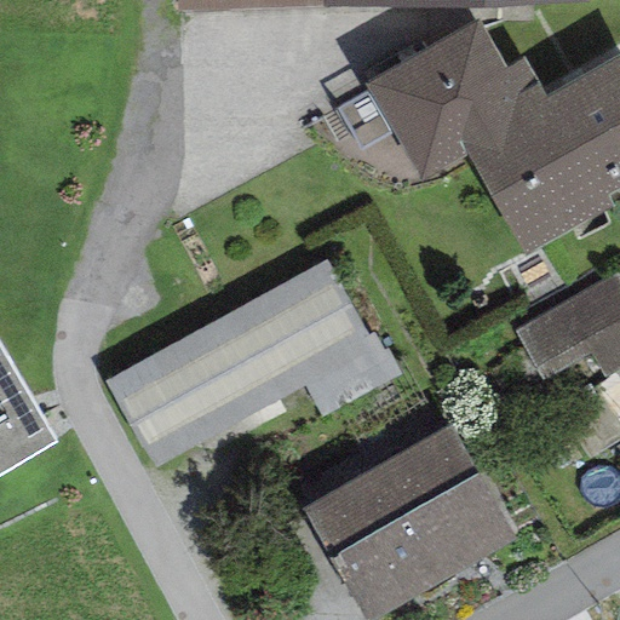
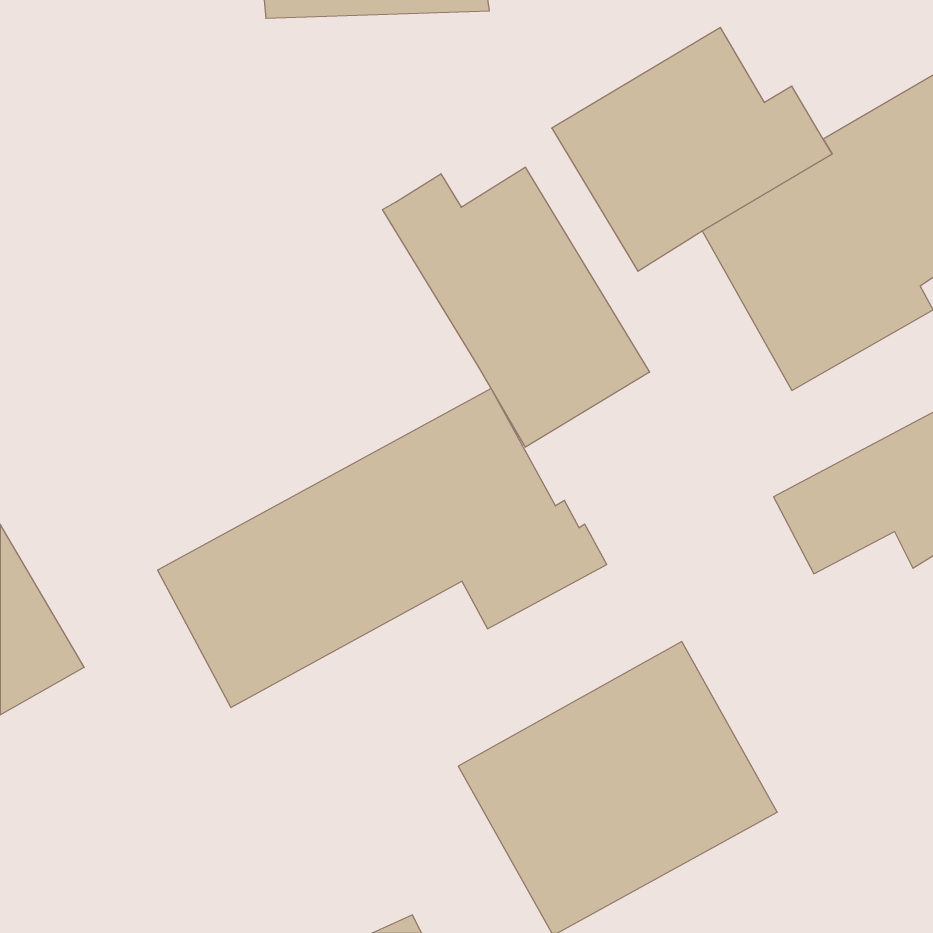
building: none -> [383,167,650,447]

